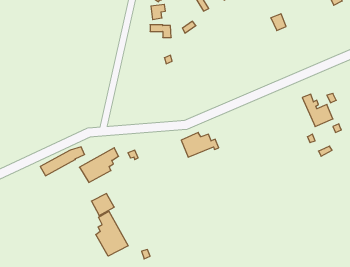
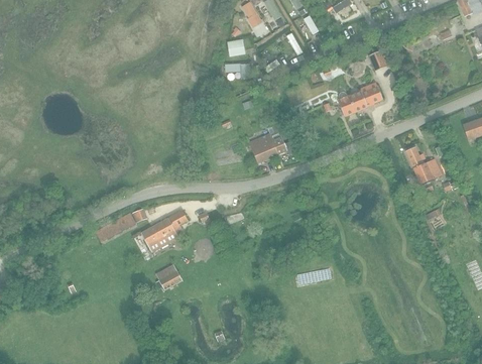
building: none -> [338,85,383,116]
building: [181,132,219,157] -> [249,132,293,161]
building: [96,211,128,256] -> none

